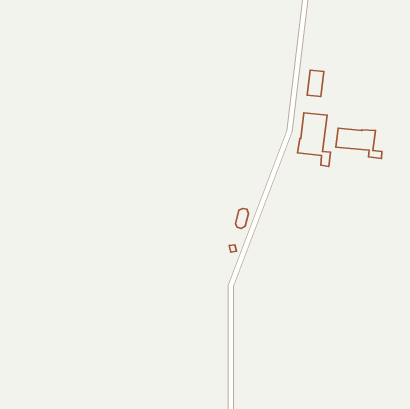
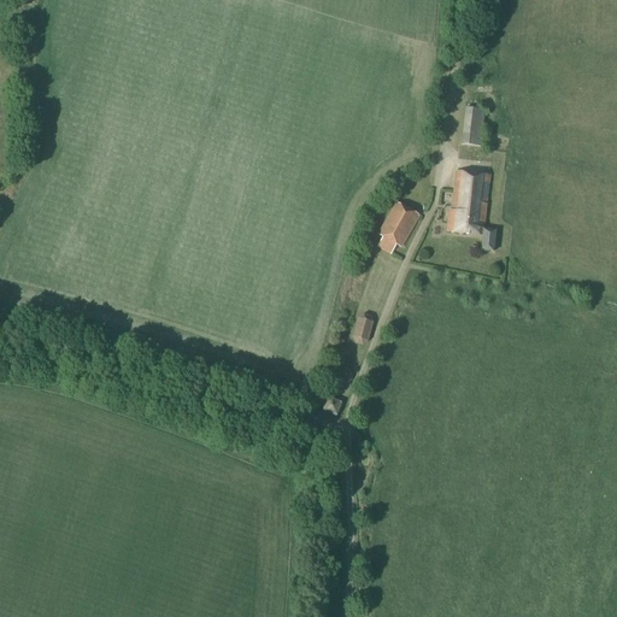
building: [336,128,382,158] -> none
building: none -> [377,199,422,252]

